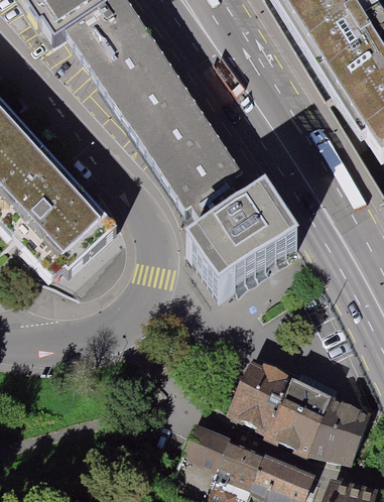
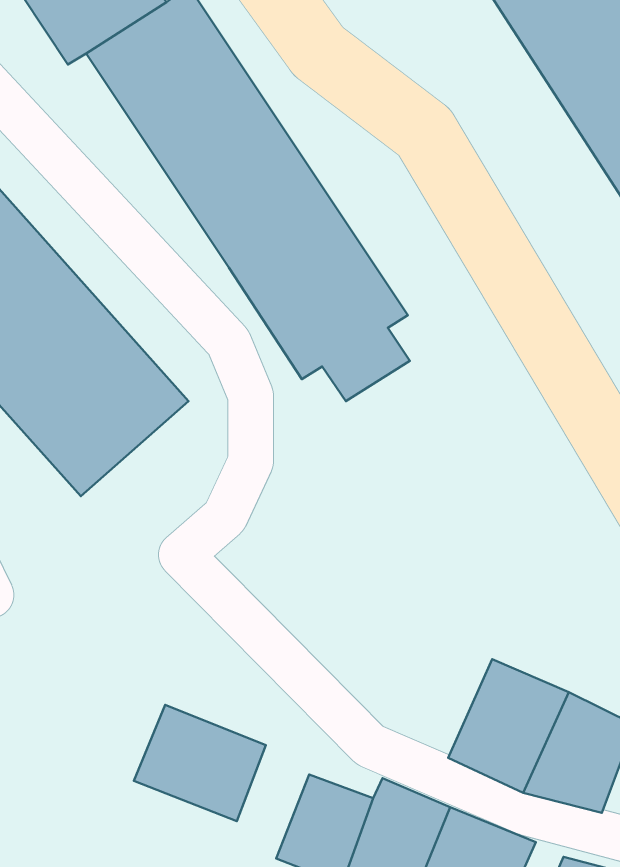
building: [187,195,298,294] -> none
building: [229,357,290,428] -> none
building: none -> [134,705,266,821]

